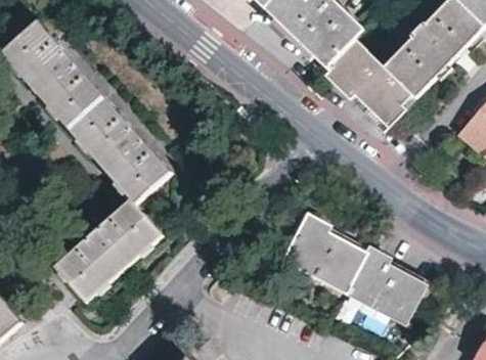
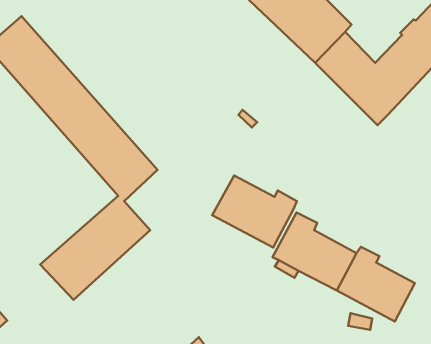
building: none -> [212,176,297,247]

